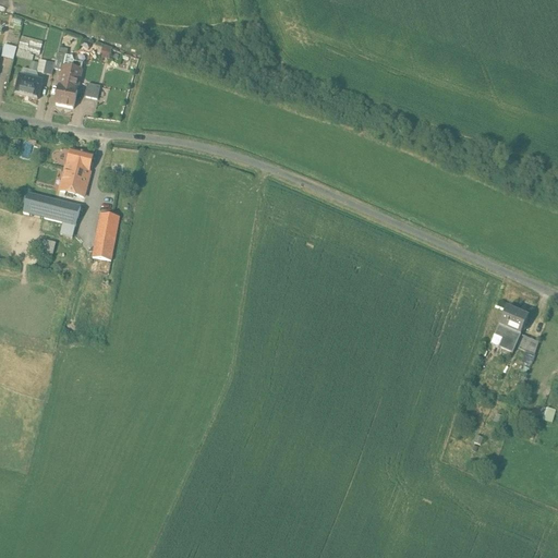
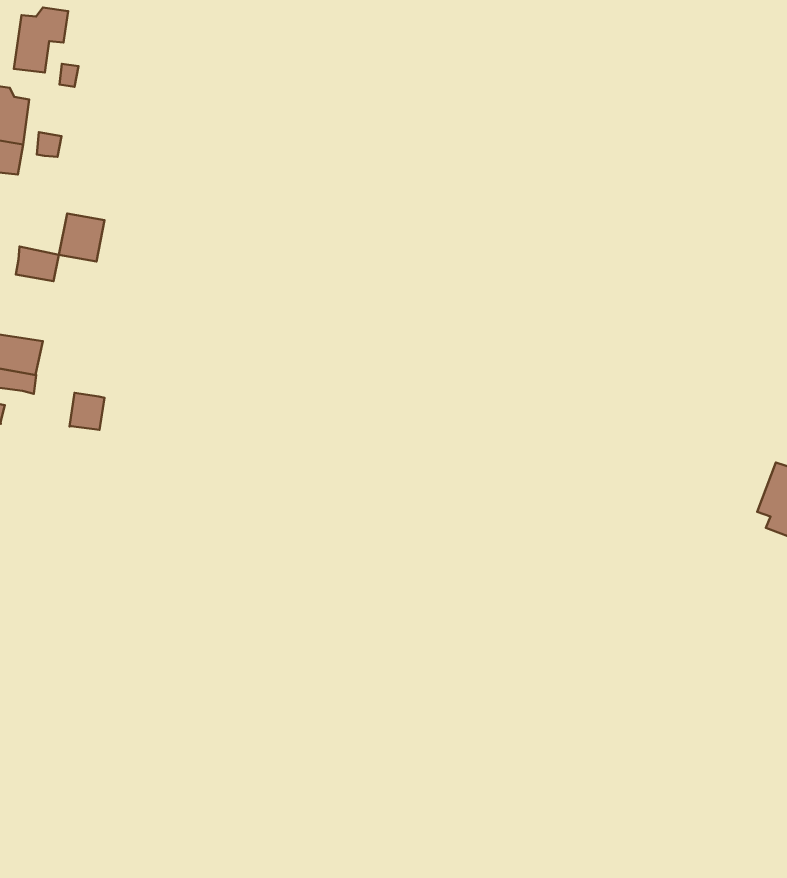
building: none -> [14,8,68,72]
building: [60,163,88,193] -> [59,214,105,261]
building: [96,210,119,240] -> none

